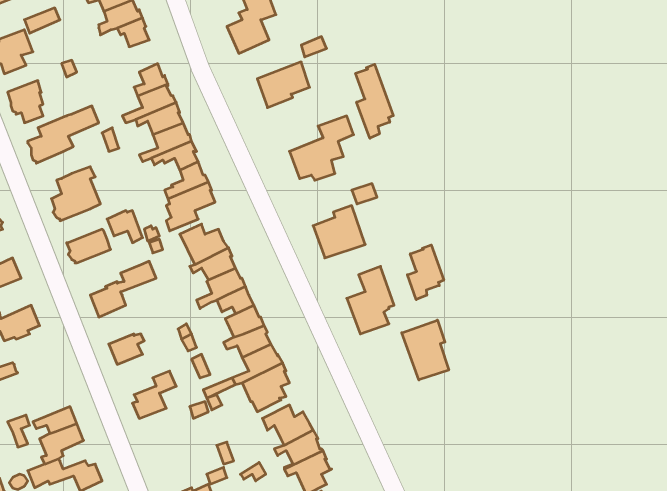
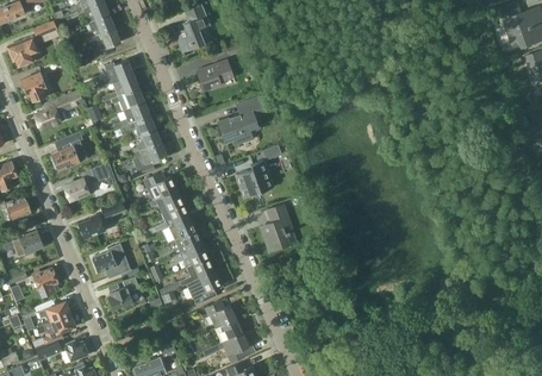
building: [356,64,393,138] -> none
building: [407,245,444,300] -> none
building: [402,320,449,380] -> none
building: none -> [32,267,60,296]

